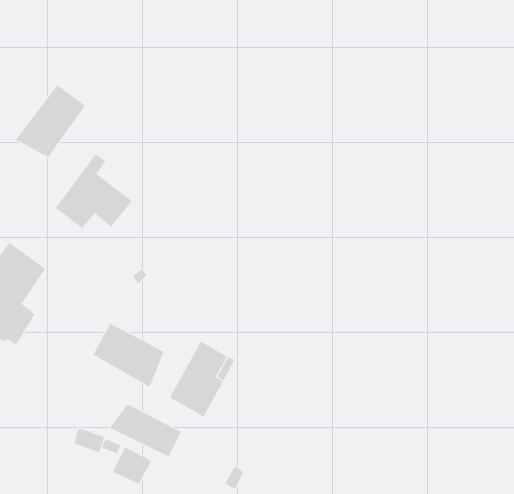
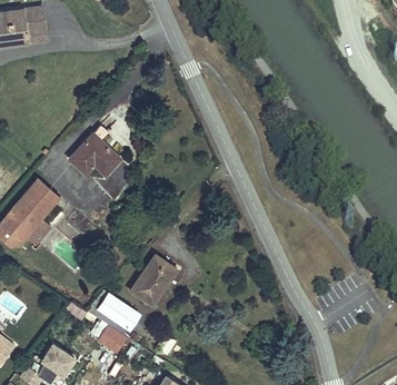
building: [15,84,86,158] -> none
building: [92,323,164,387] -> none

